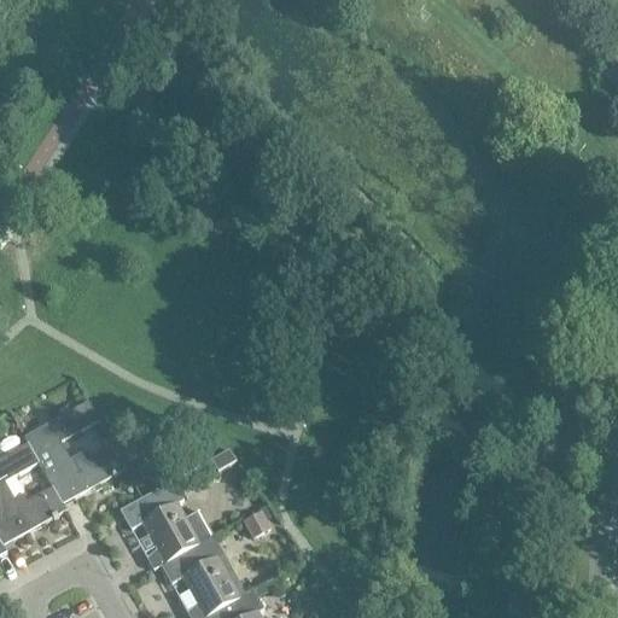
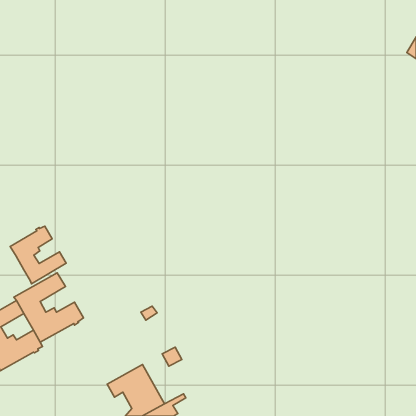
building: none -> [10,226,66,284]
building: [117,482,210,571] -> none

